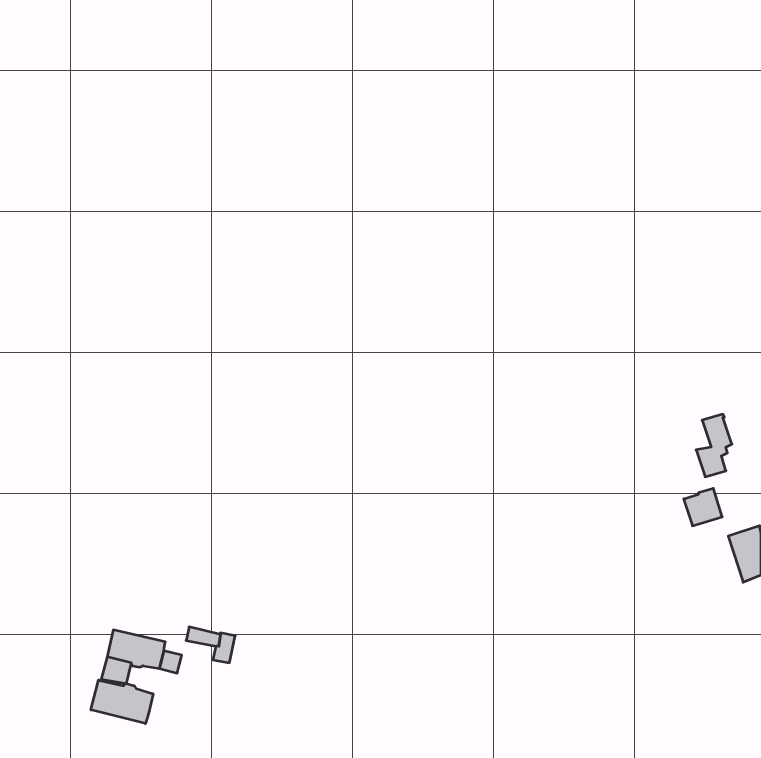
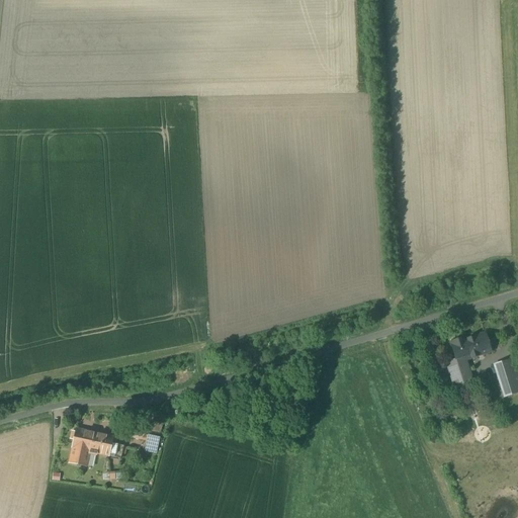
building: [696,414,732,477] -> [446,337,470,379]
building: [91,680,153,724] -> none

